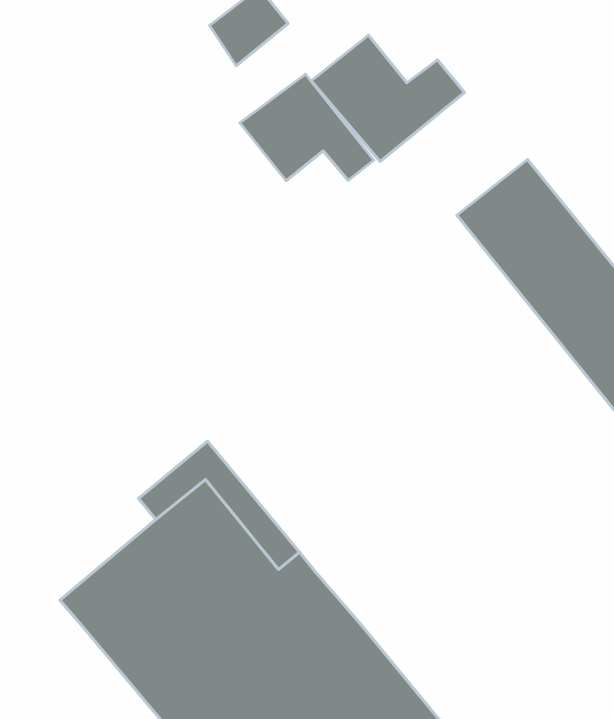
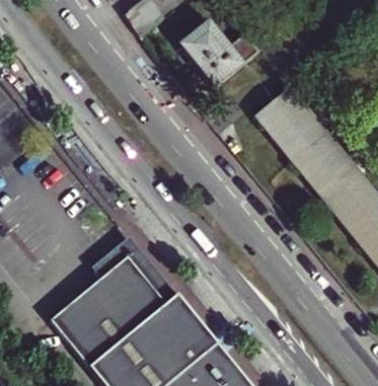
building: [240,74,374,181] -> none

